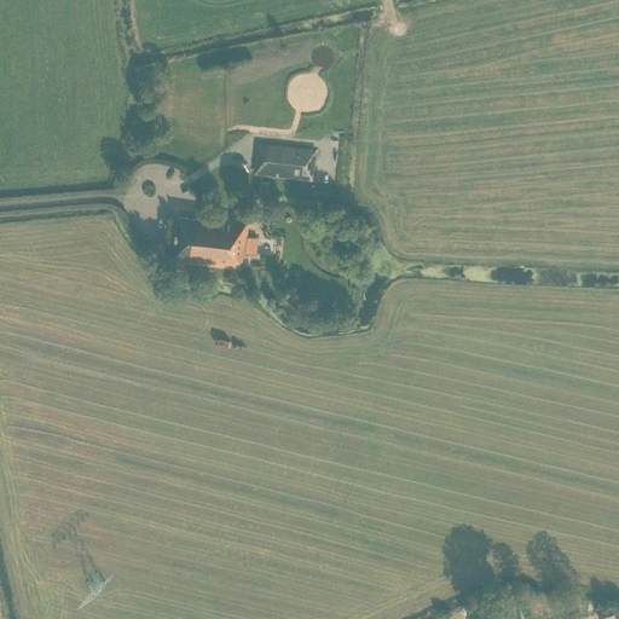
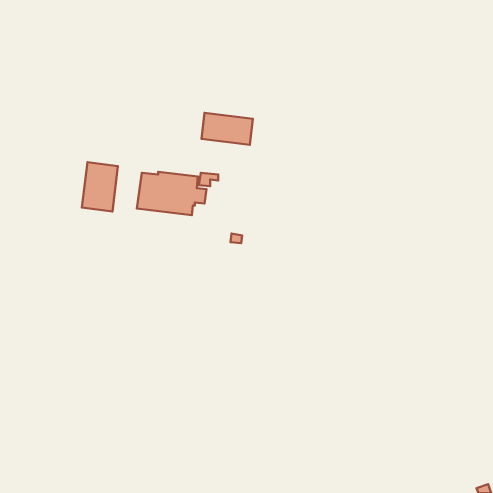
building: none -> [82,162,118,211]

